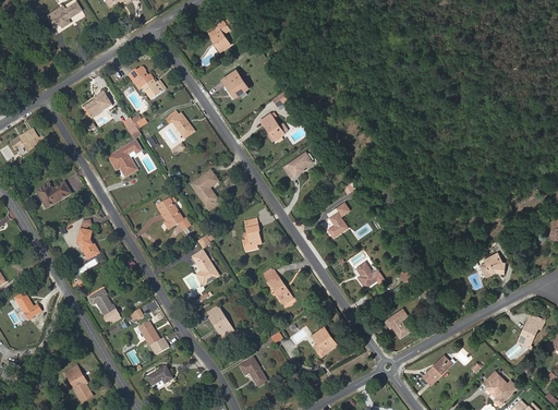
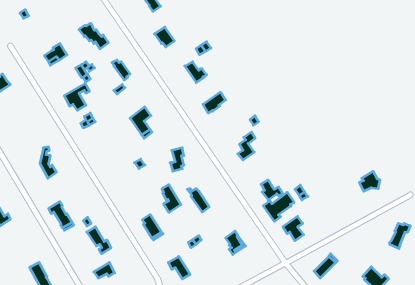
building: [35,181,71,207] -> none
building: [158,196,190,230] -> none
building: [194,250,218,285] -> [162,185,181,212]
building: none -> [263,192,294,221]

